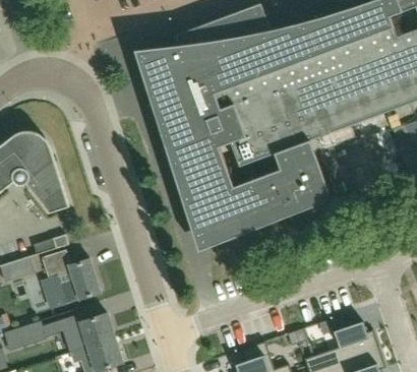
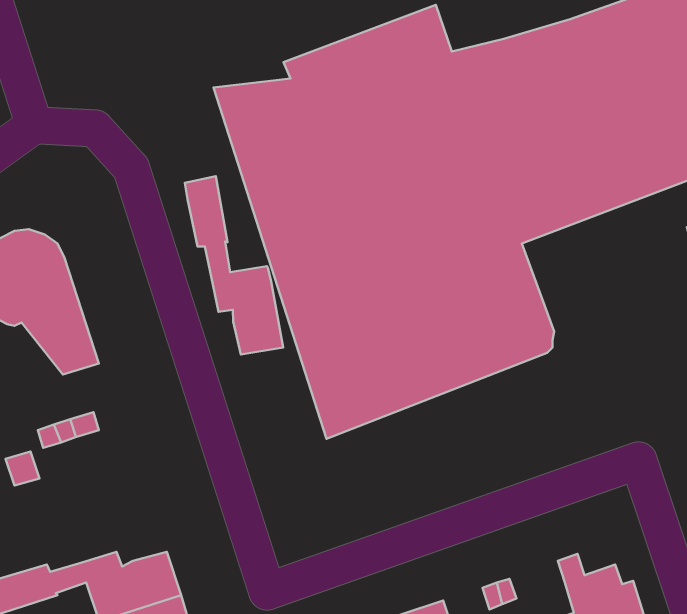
building: none -> [185,176,283,354]
building: [39,251,100,310] -> none

